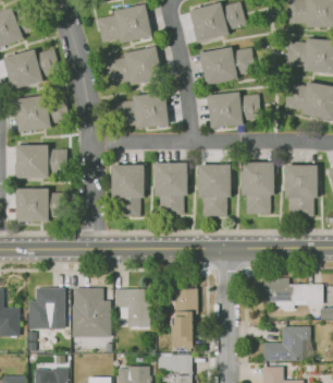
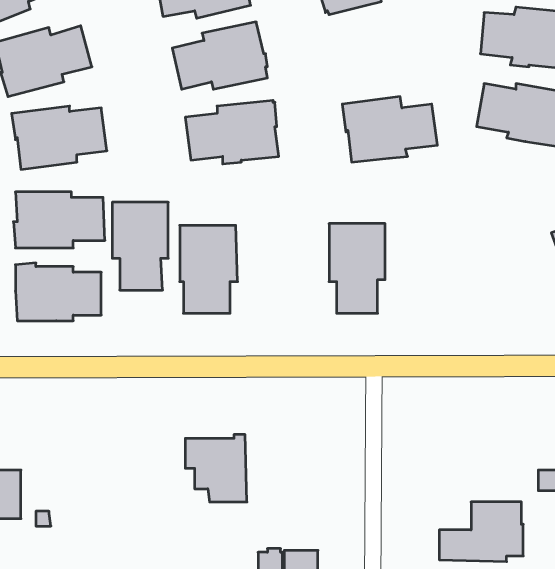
building: [200,46,256,85] -> none
building: [242,161,274,214] -> none
building: [155,163,187,214] -> [112,202,168,290]
building: [285,165,318,217] -> none
building: [262,276,322,310] -> none
building: [28,288,64,328] -> none
building: [72,288,110,337] -> none
building: [172,288,197,348] -> none

